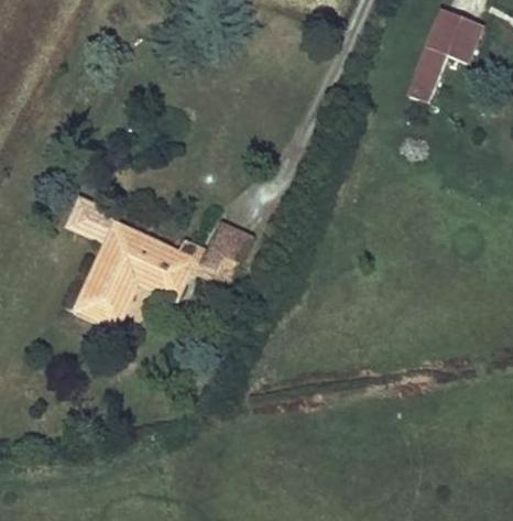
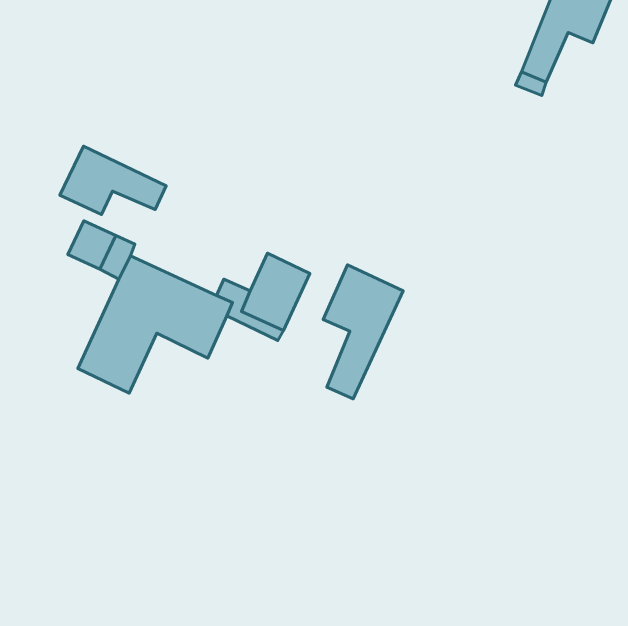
building: none -> [60,146,166,215]
building: none -> [323,265,403,399]

